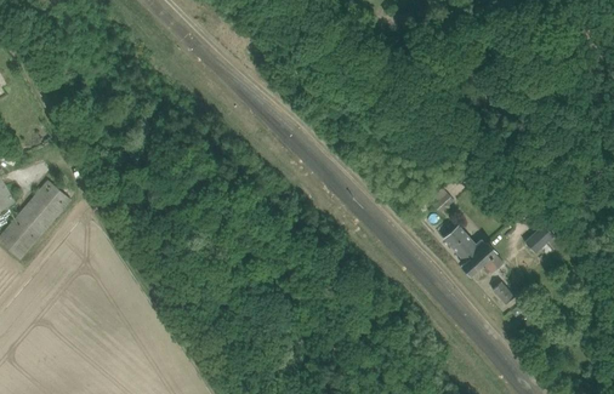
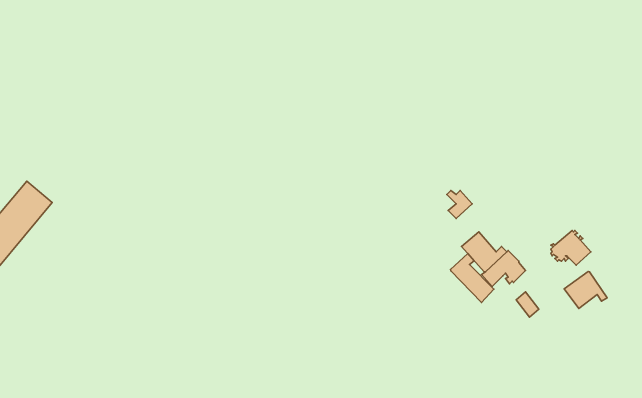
building: none -> [451,253,494,303]
building: none -> [564,271,607,308]

